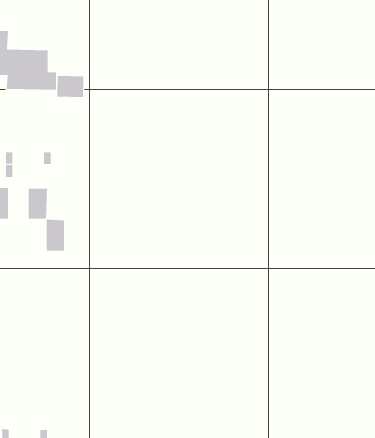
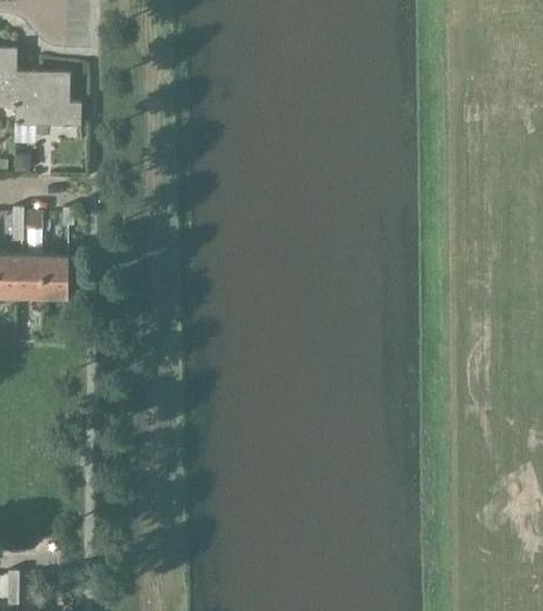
building: [57,75,84,98] -> none
building: [46,219,65,251] -> [16,255,41,297]

